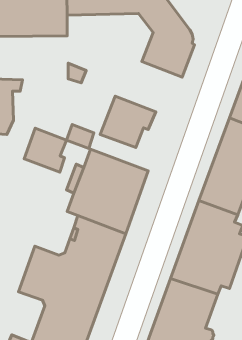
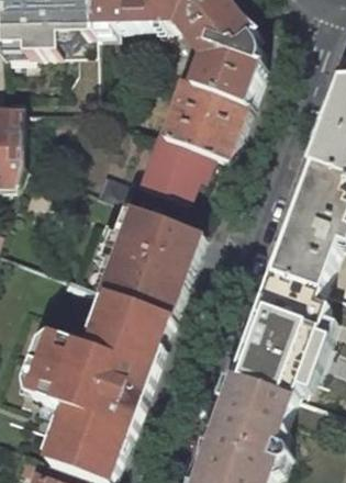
building: none -> [163,80,246,158]
building: [24,128,66,172] -> none

